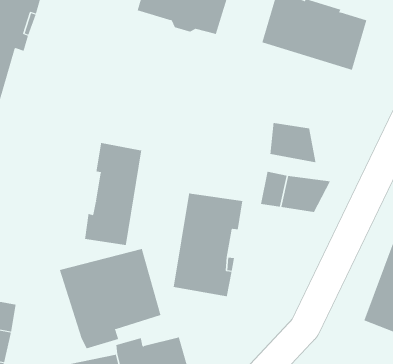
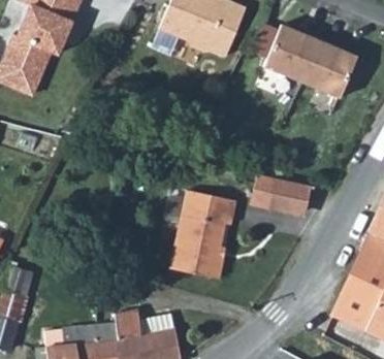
building: [270,122,316,163] -> none
building: [84,142,142,246] -> none
building: [59,248,161,349] -> none

